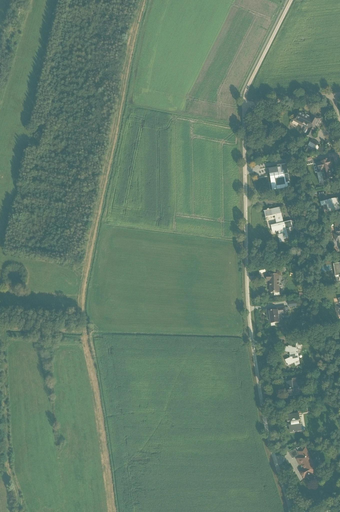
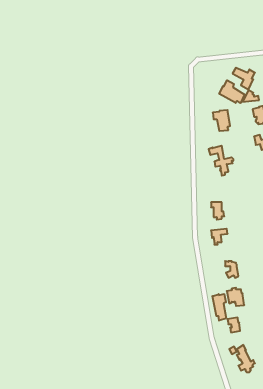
building: none -> [219,80,245,103]
building: none -> [212,294,226,321]

